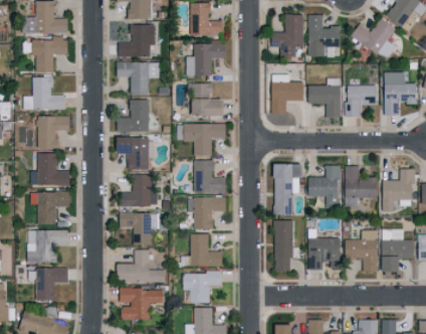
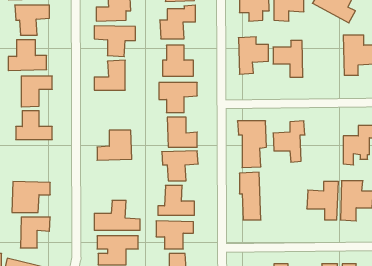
building: [345,86,376,117] -> none
building: [128,139,155,171] -> none
building: [345,166,377,205] -> none
building: [31,192,69,225] -> none
building: [120,213,160,246] -> none
building: [308,238,341,271] -> none

